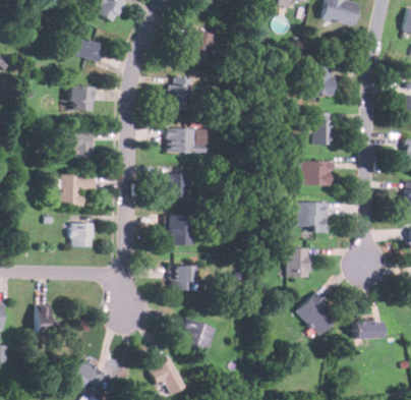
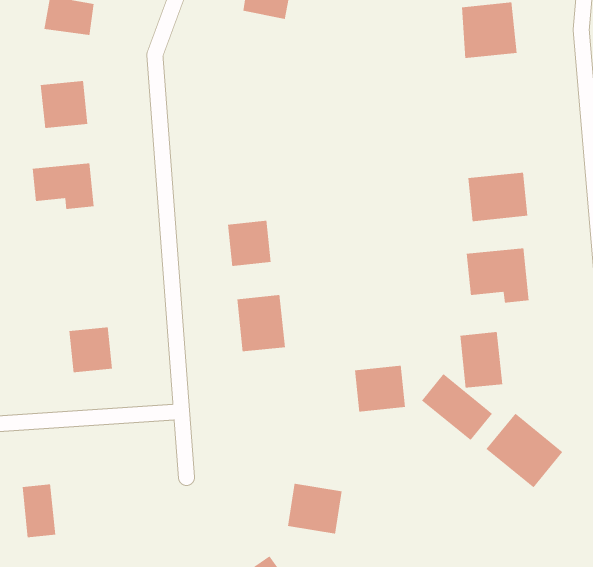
building: [168,77,190,109] -> none
building: [313,113,331,145] -> none
building: [167,128,207,153] -> none
building: [61,174,95,205] -> none
building: [170,266,196,289] -> [354,365,406,412]
building: none -> [421,373,493,441]

